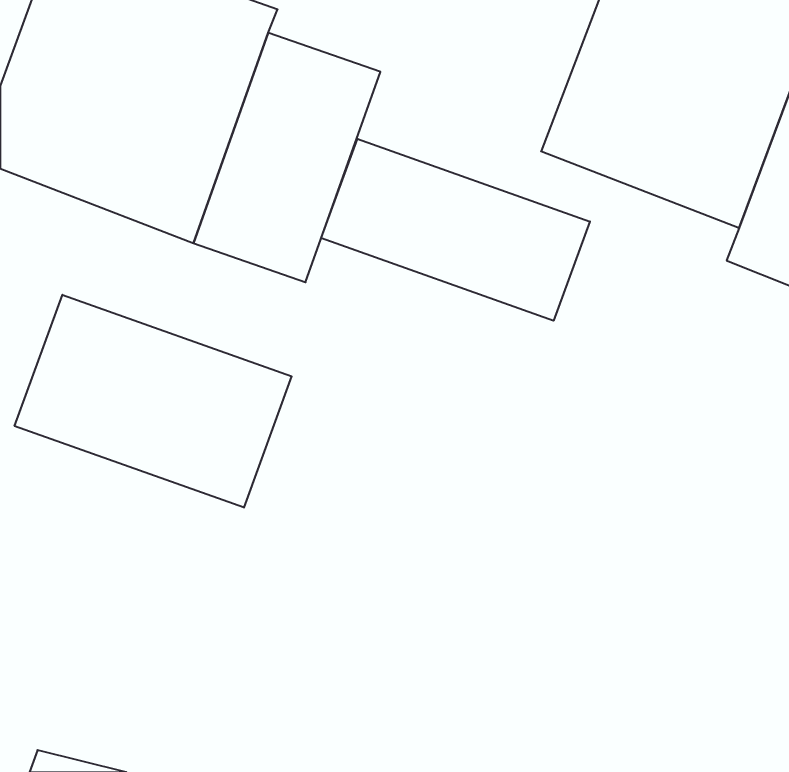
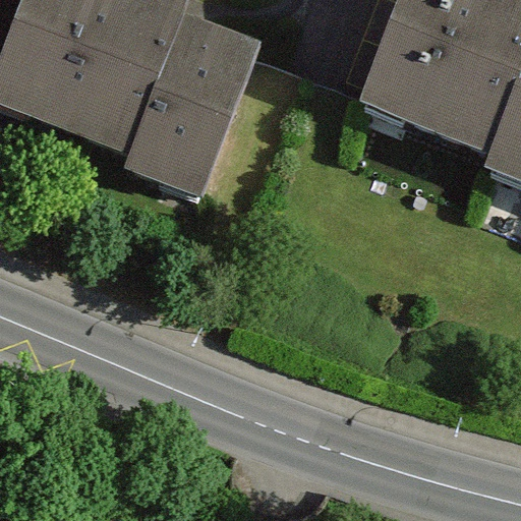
building: [321,139,590,321] -> none
building: [15,295,292,508] -> none

